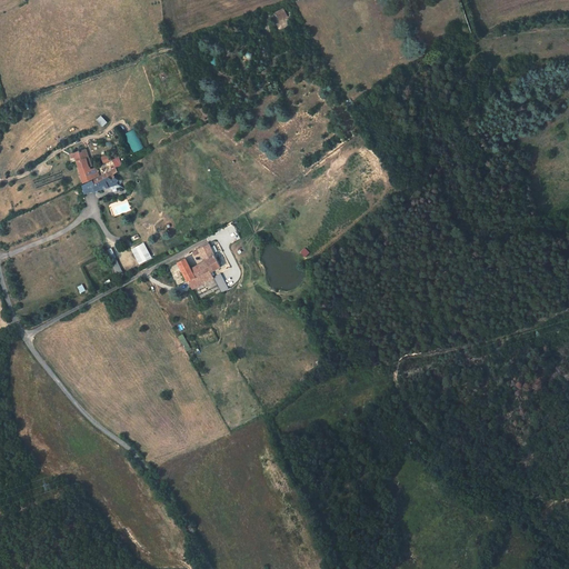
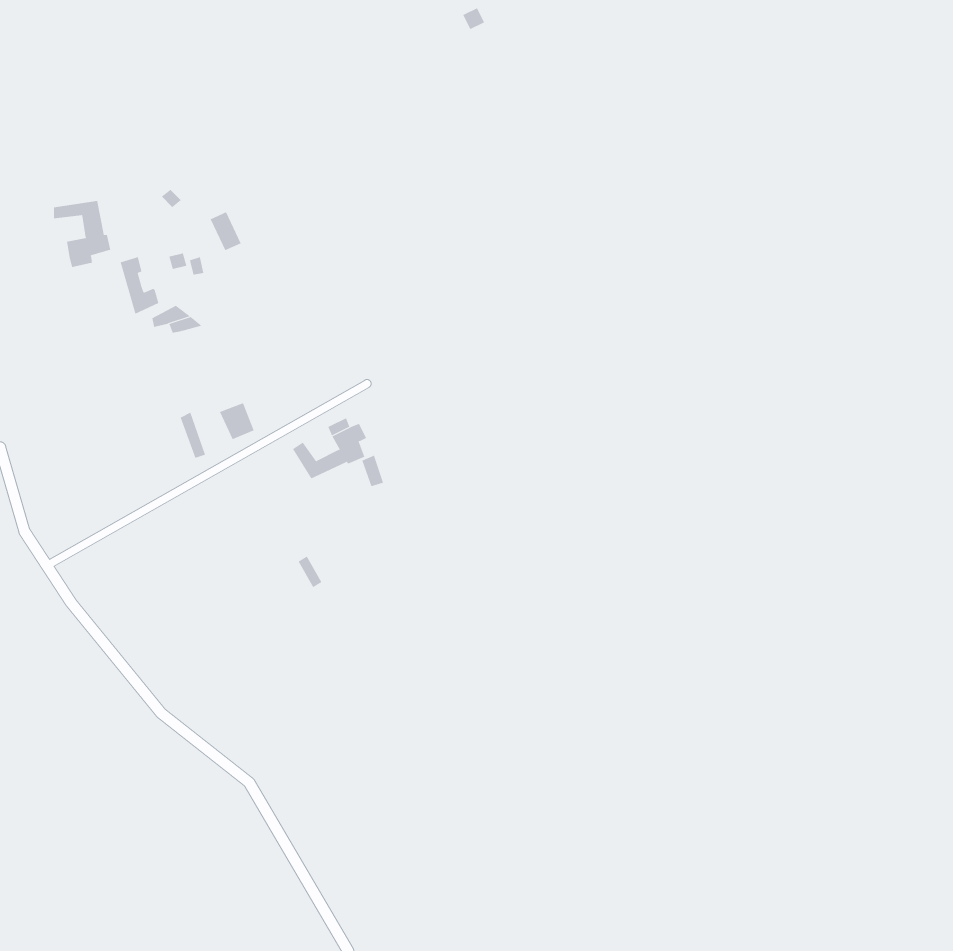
building: none -> [53,200,111,268]

